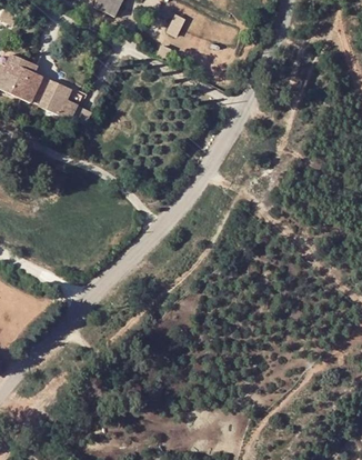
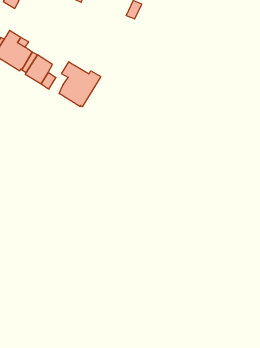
building: none -> [59,62,101,107]

